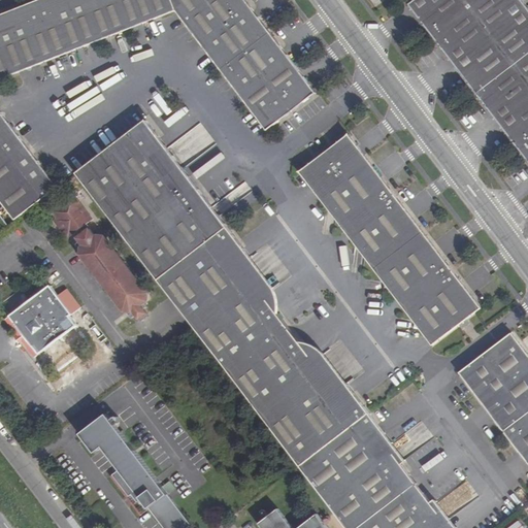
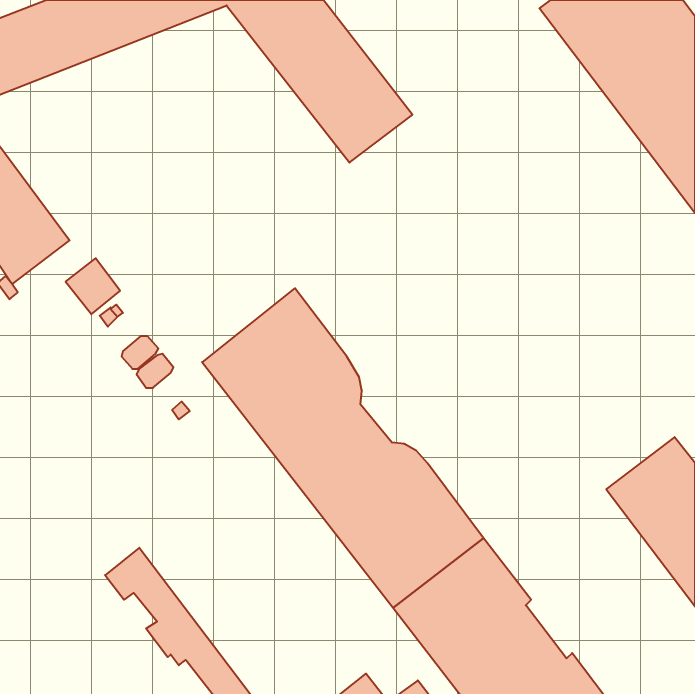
building: [71,118,223,276] -> none
building: [297,132,477,342] -> none
building: [80,242,108,268] -> none
building: [113,285,142,310] -> none
building: [4,290,79,360] -> none

